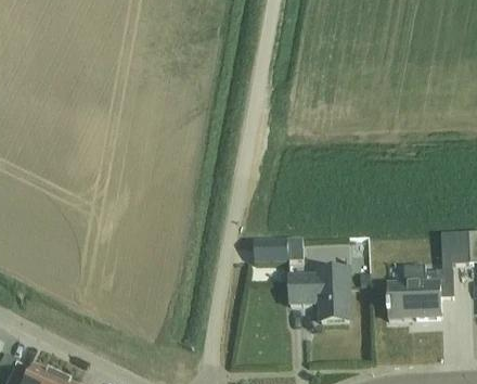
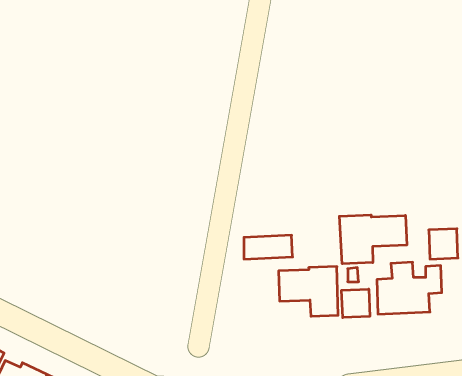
building: none -> [339,215,407,264]
building: none -> [342,289,370,318]

